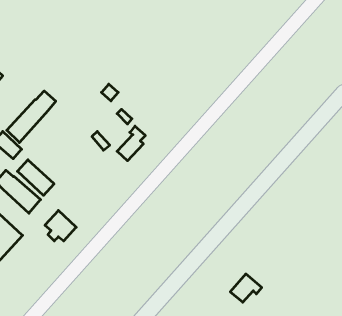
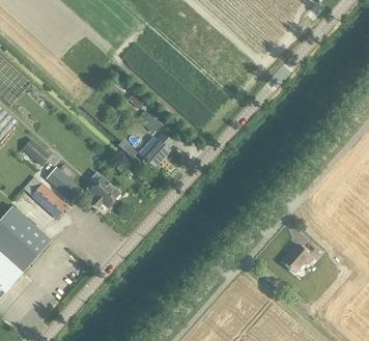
building: [7,91,56,143] -> none
building: [45,210,76,241] -> [88,175,119,205]
building: [230,274,262,302] -> [282,244,313,272]

